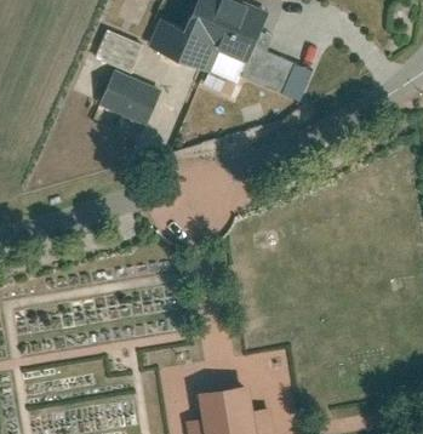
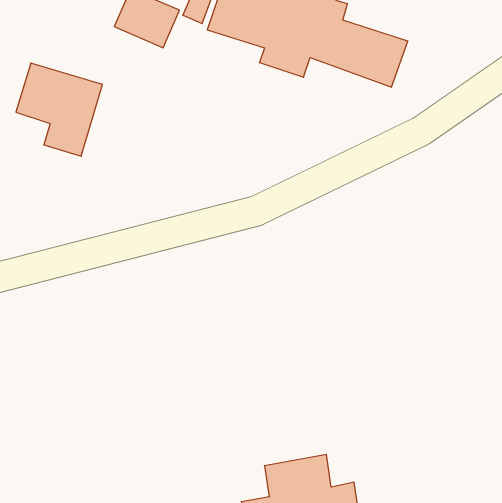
building: [95,68,159,137] -> [16,63,102,156]

